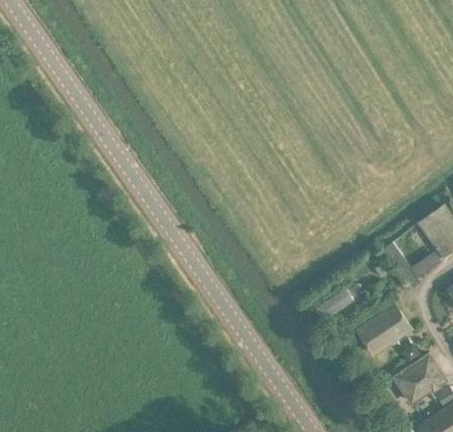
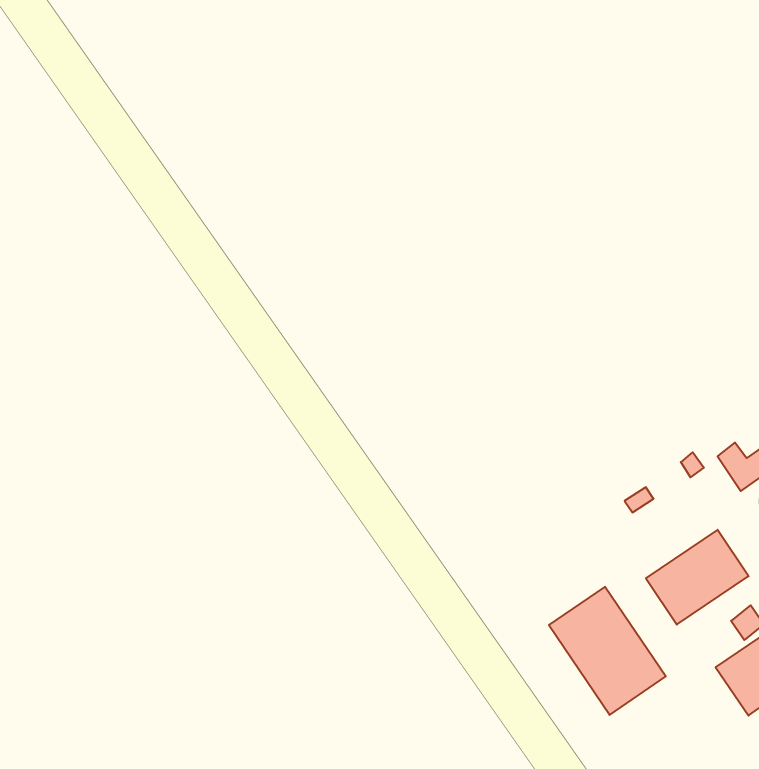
building: none -> [549,587,666,715]

